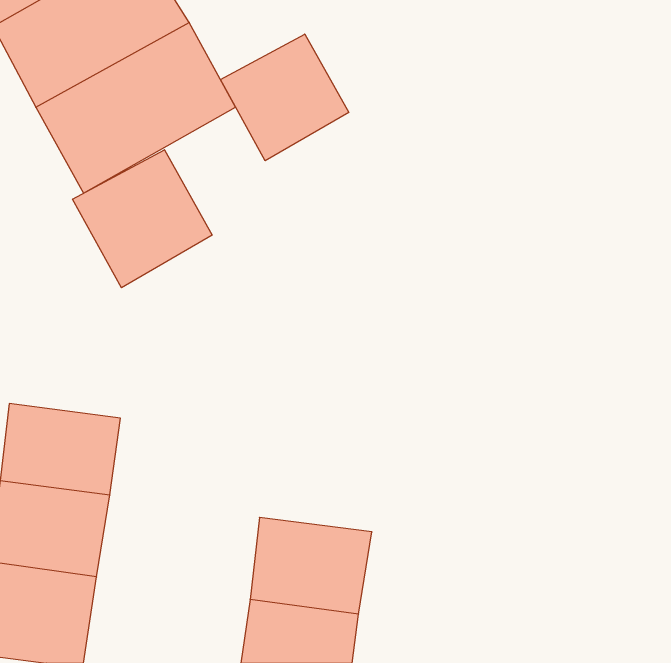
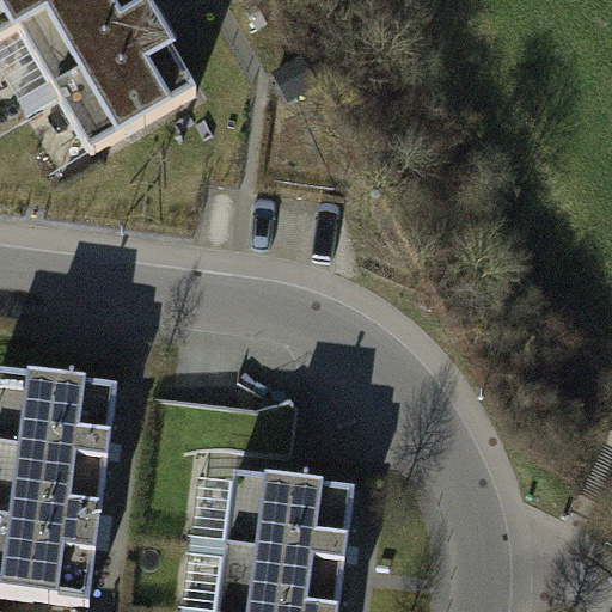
building: [220,34,349,161] -> none
building: [73,150,212,288] -> none

